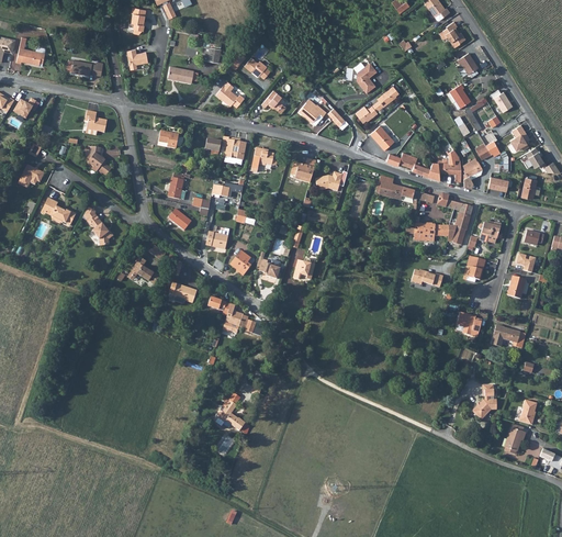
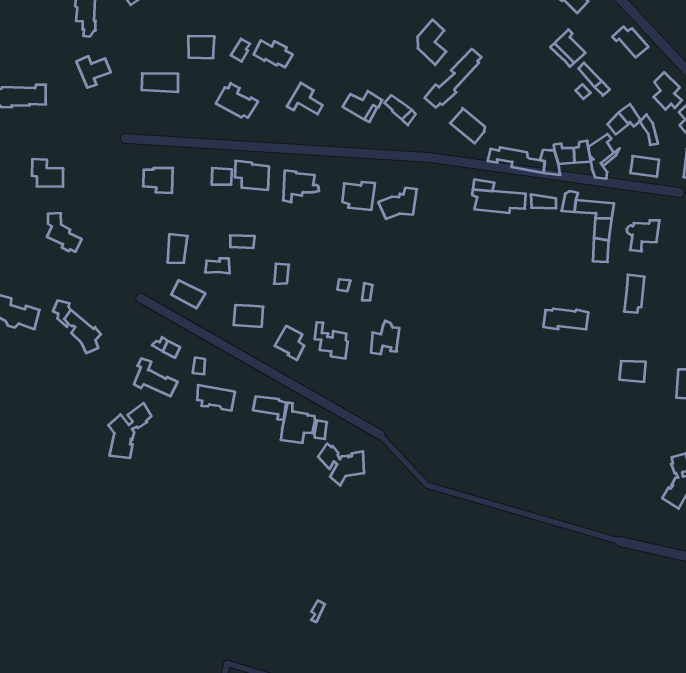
building: [413,217,448,239] -> none
building: none -> [108,403,151,458]
building: none -> [318,444,364,486]
building: [216,393,245,430] -> none

